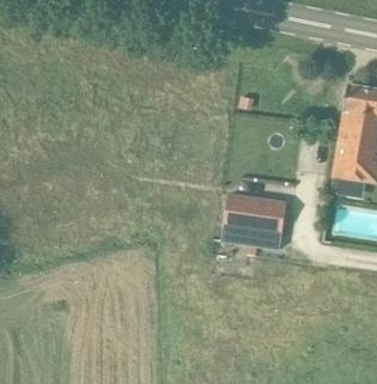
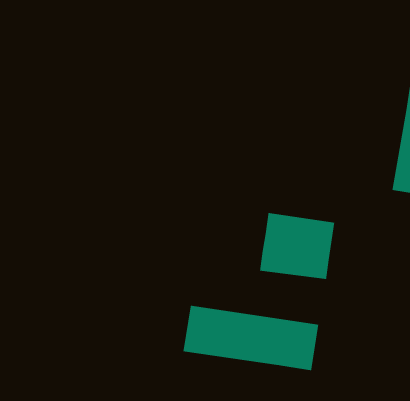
building: none -> [183,305,319,371]

